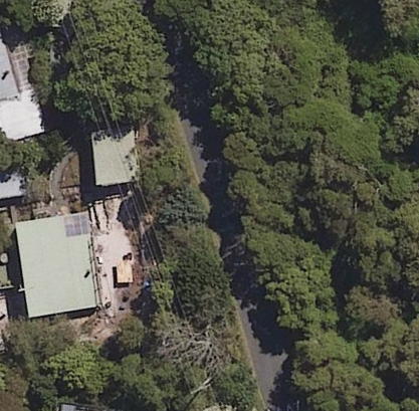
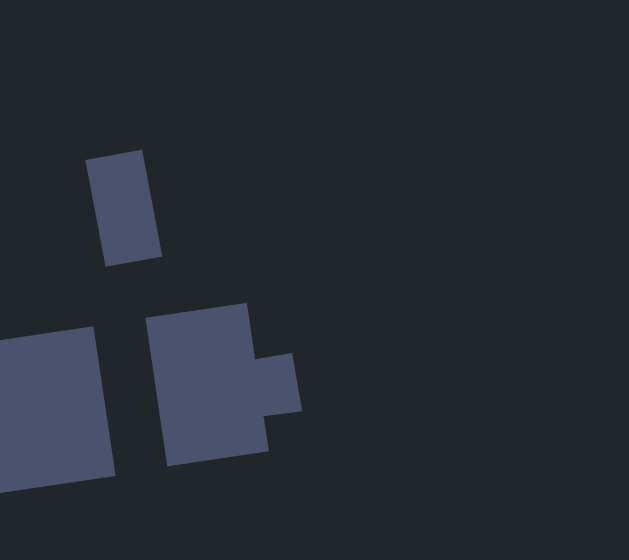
building: none -> [145,302,303,467]

